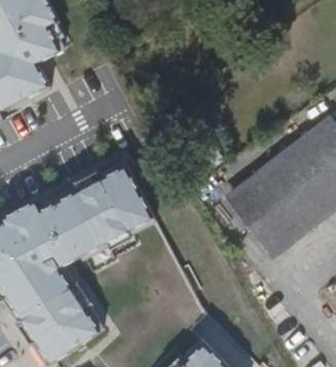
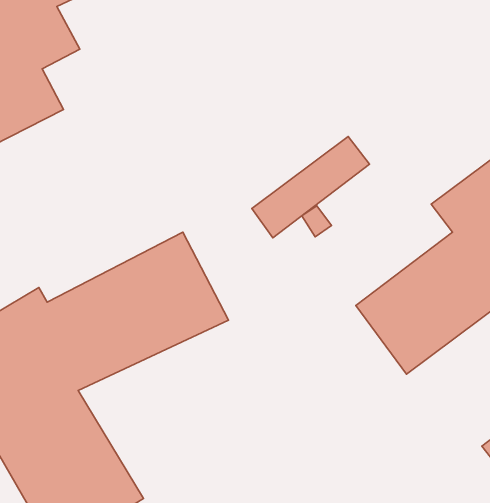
building: [223,148,297,212] -> [252,137,369,238]

